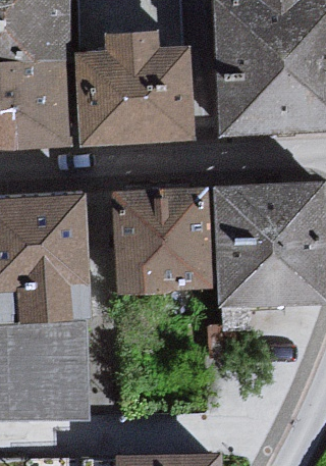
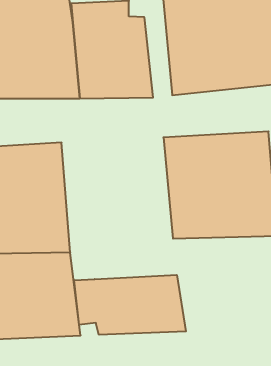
building: [103,188,200,294] -> none
building: none -> [74,275,186,335]

